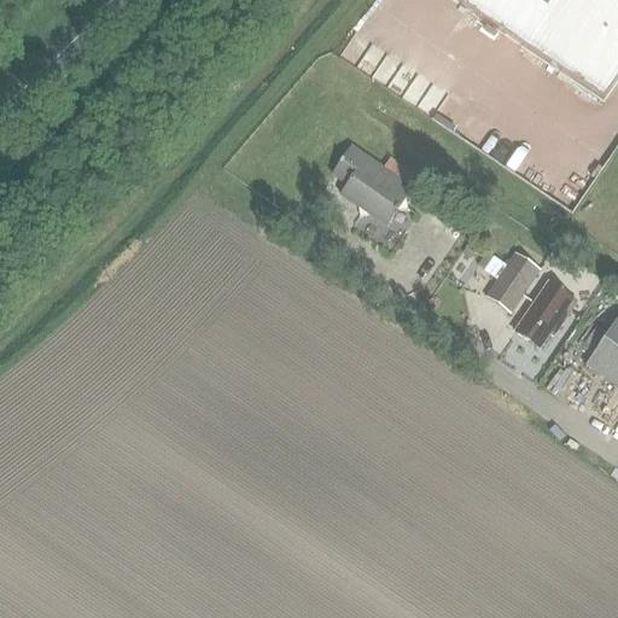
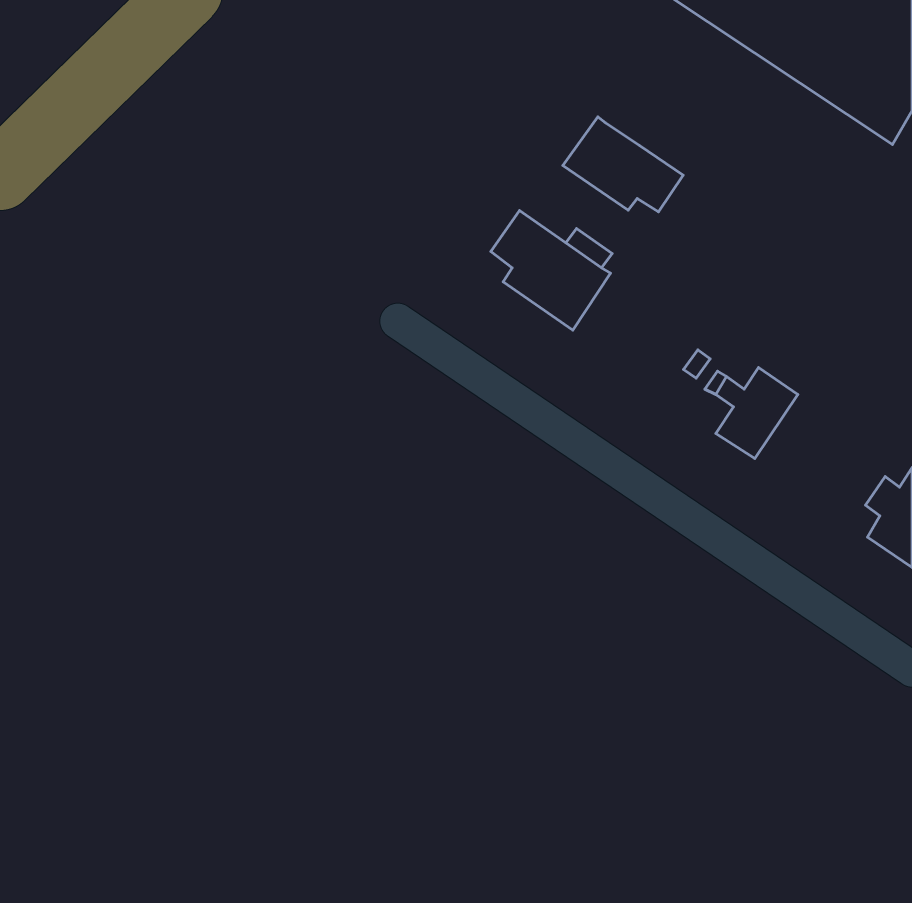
building: none -> [563,117,683,212]
building: [514,280,576,345] -> none

